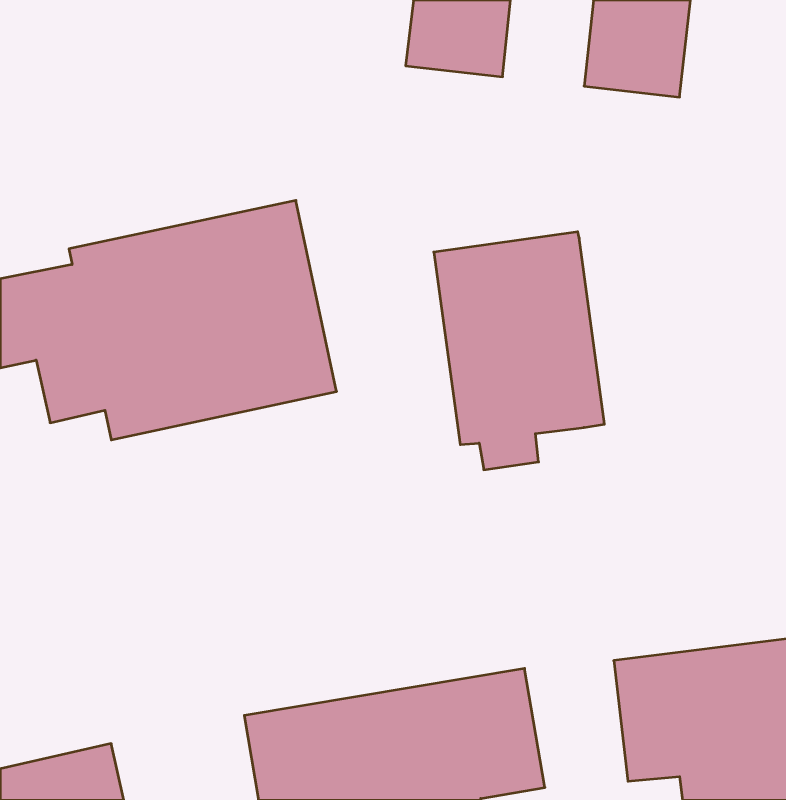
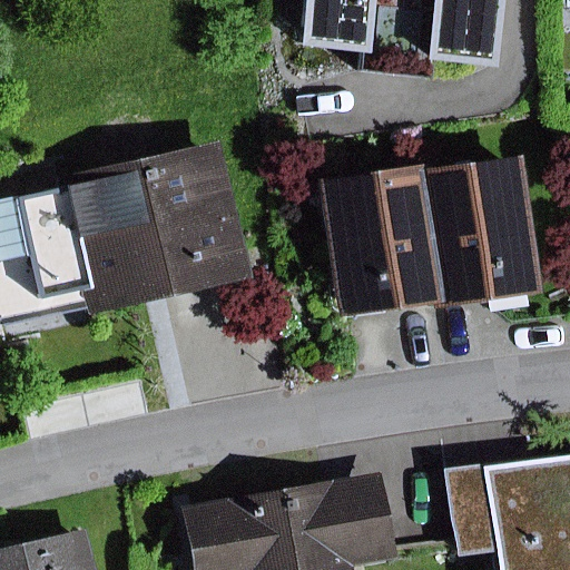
building: none -> [422,156,542,313]

